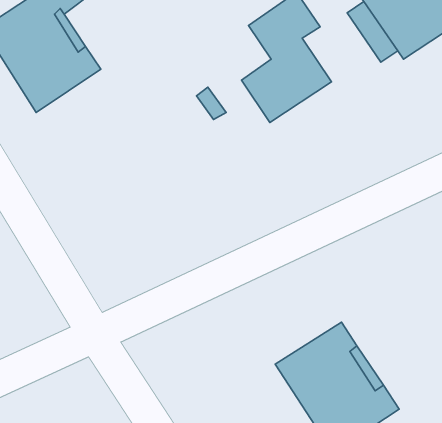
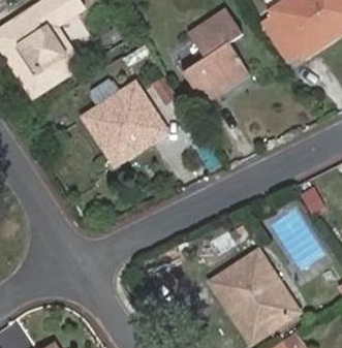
building: none -> [83,78,166,164]

